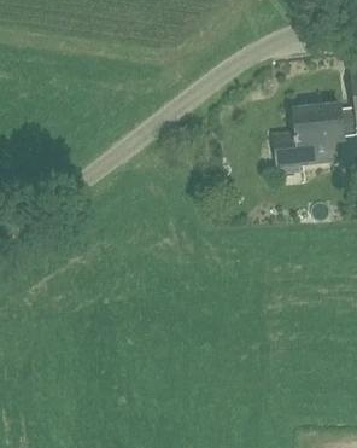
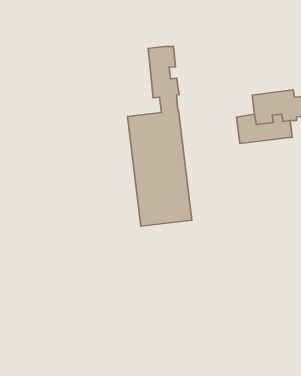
building: none -> [127,47,192,226]

